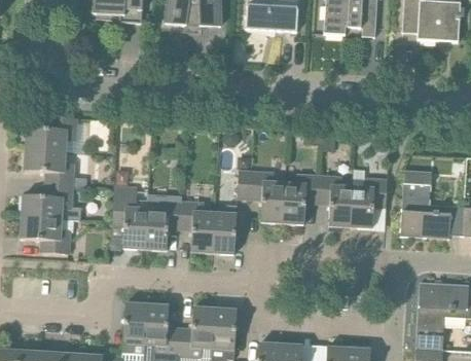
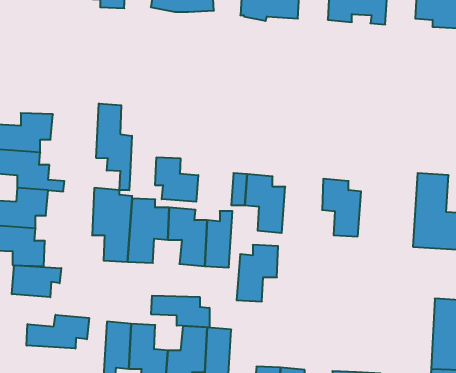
building: none -> [96,103,132,190]
building: none -> [155,157,198,202]
building: [282,174,319,224] -> [237,245,278,301]
building: [350,178,387,228] -> none
building: none -> [12,265,61,297]
building: none -> [151,296,210,327]
building: none -> [27,315,89,349]

